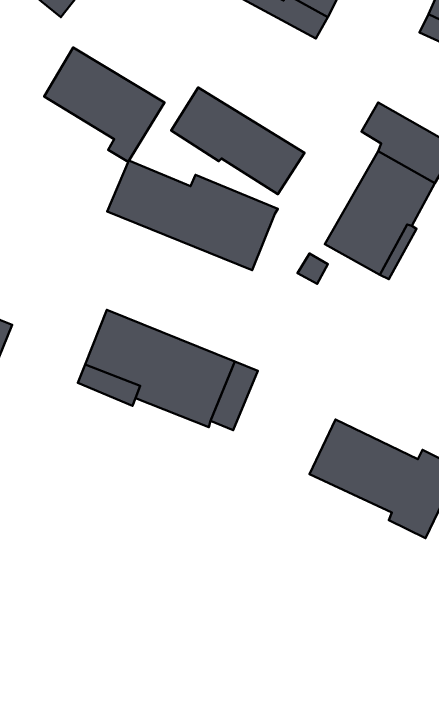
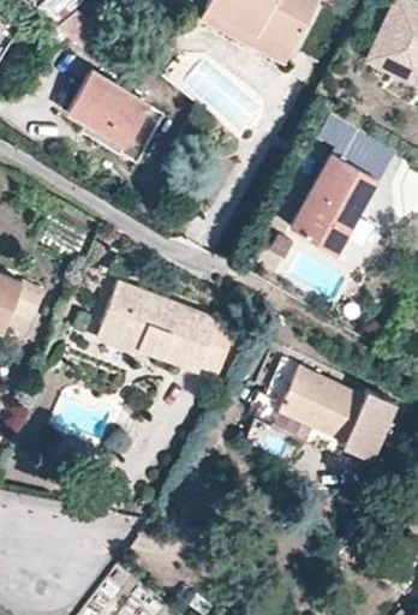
building: [171,88,304,194] -> none
building: [107,160,278,270] -> none

